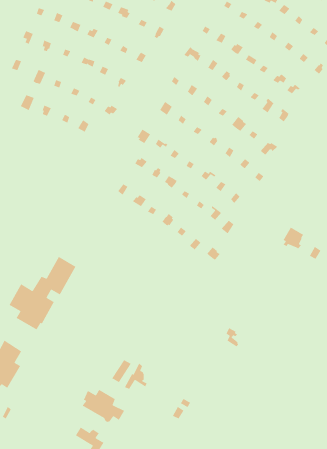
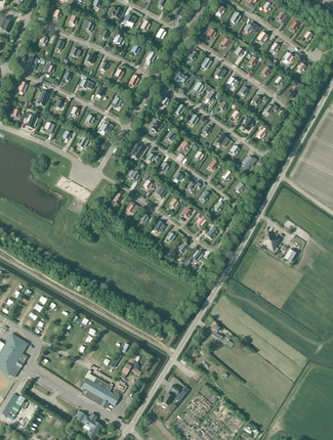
building: [9,256,77,331] -> none

